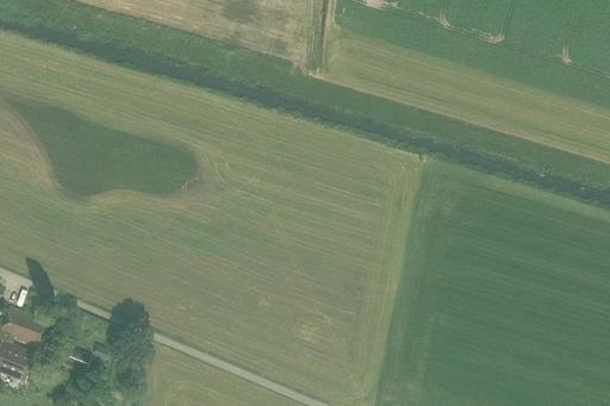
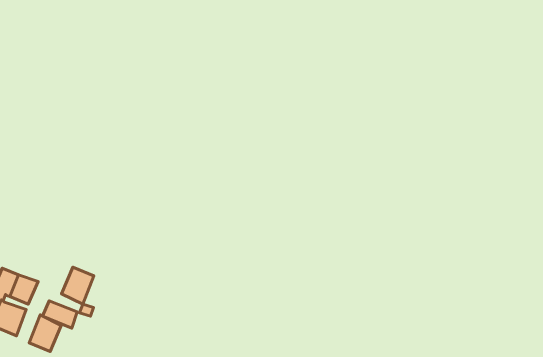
building: none -> [62,267,94,304]
building: none -> [29,315,61,351]

